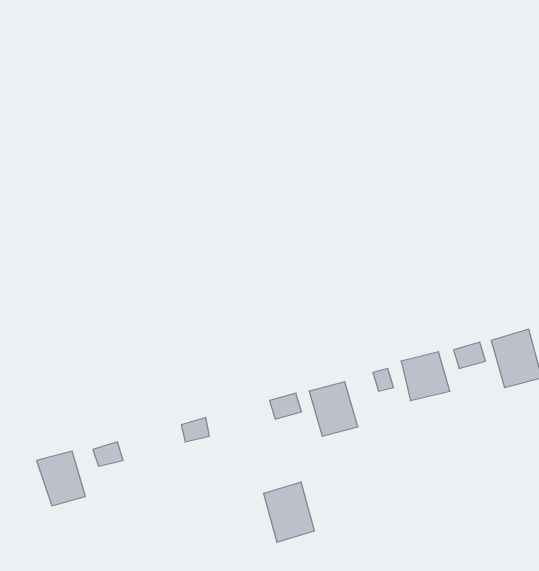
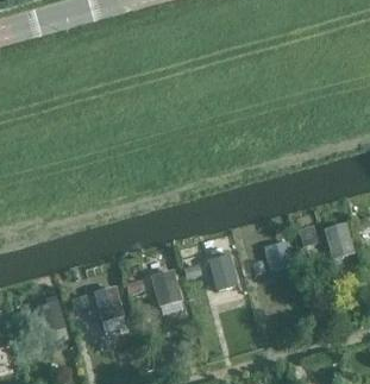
building: none -> [93,285,124,322]
building: [264,482,314,542] -> [150,269,182,307]

